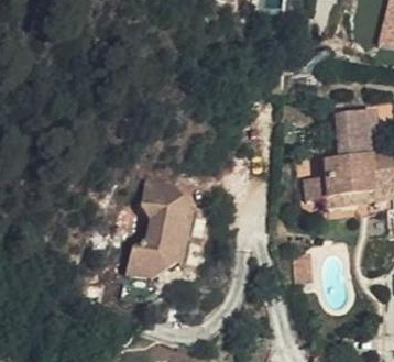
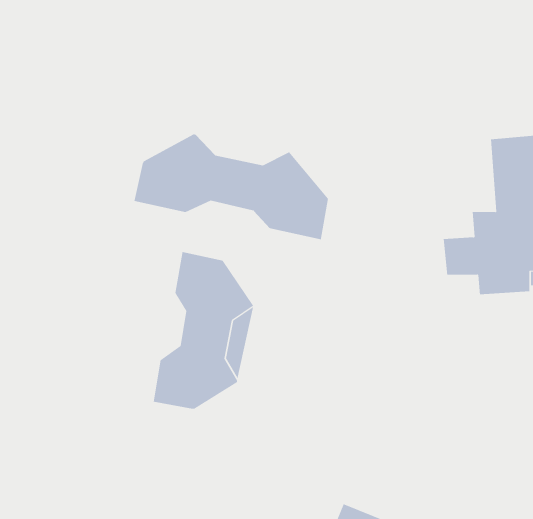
building: none -> [134,133,329,240]

